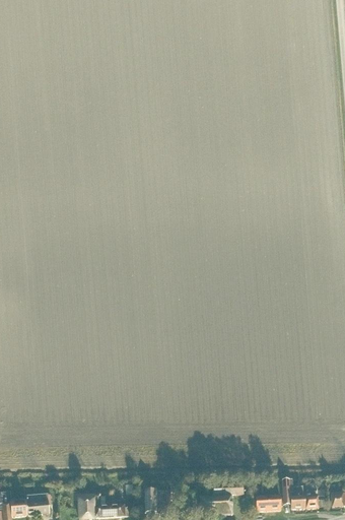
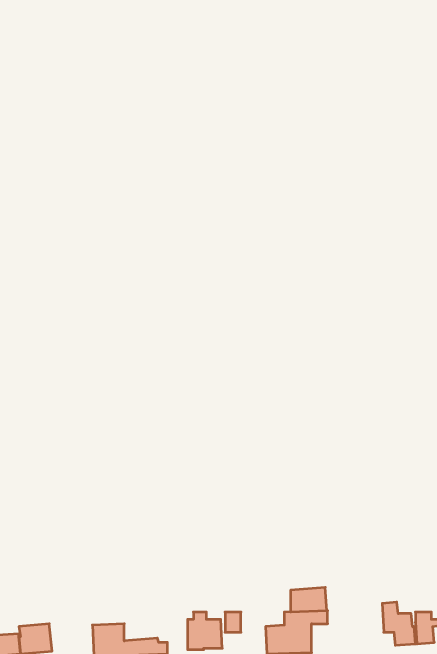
building: [255,494,280,511] -> [291,587,327,612]

